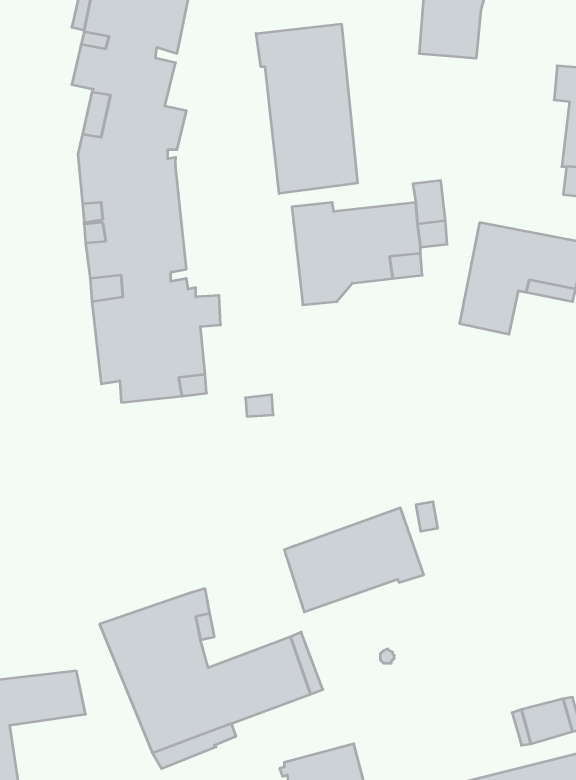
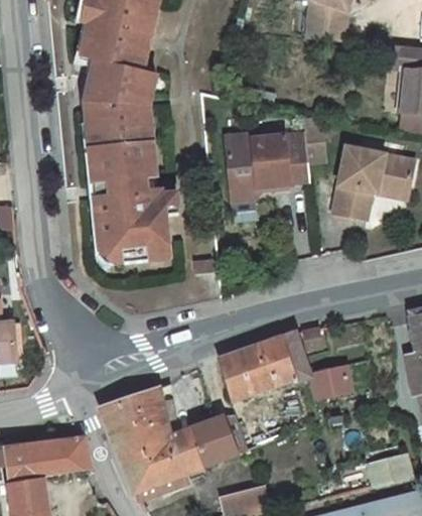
building: [256,24,358,194] -> none
building: none -> [309,366,353,397]

